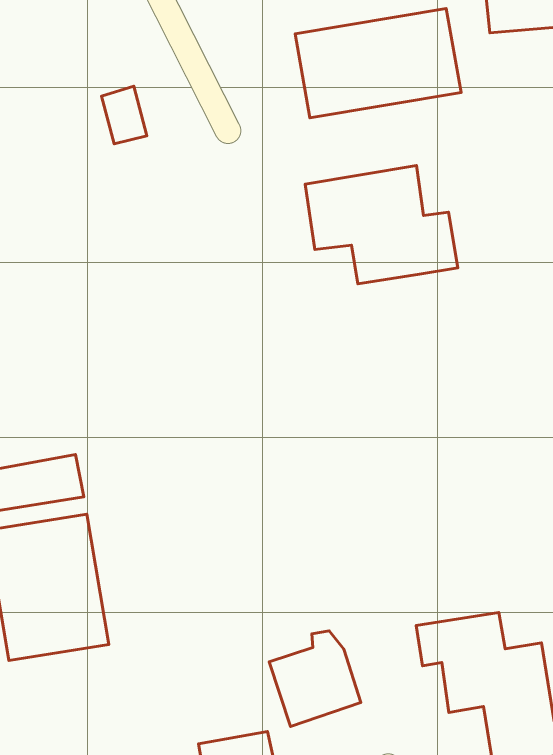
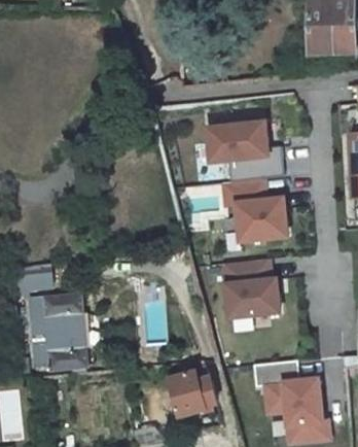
building: [295,9,461,118] -> none
building: none -> [223,177,288,240]
building: none -> [227,257,284,315]

